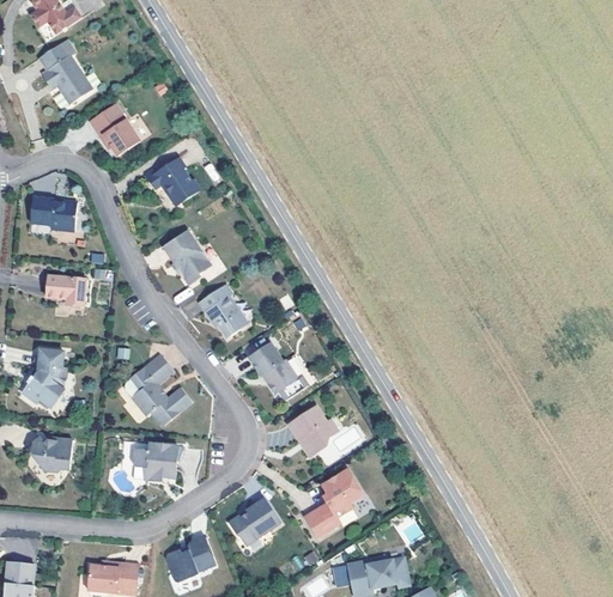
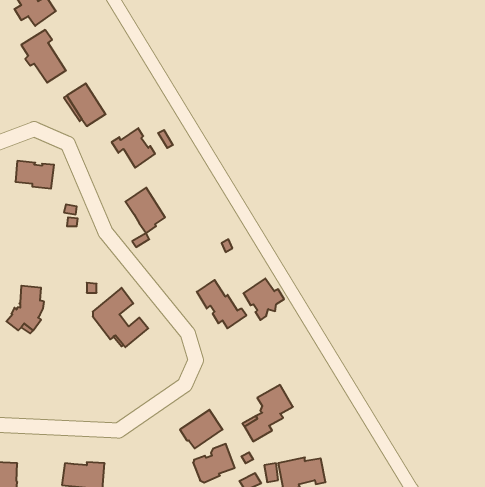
building: [44,275,85,305] -> none
building: [199,284,248,337] -> none
building: [290,404,339,455] -> [243,278,284,320]
building: [25,435,73,471] -> none
building: [133,441,183,480] -> none
building: [165,534,216,580] -> [193,444,235,483]

